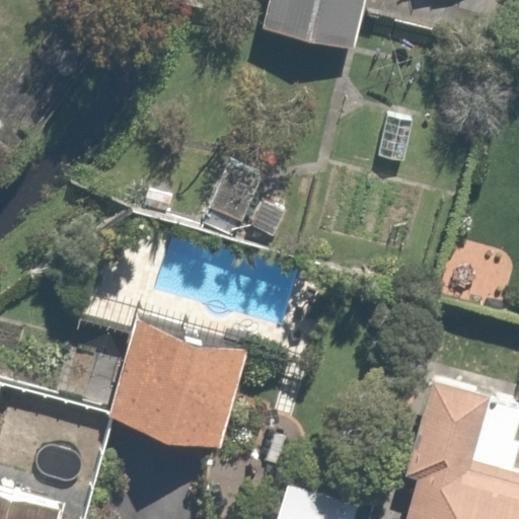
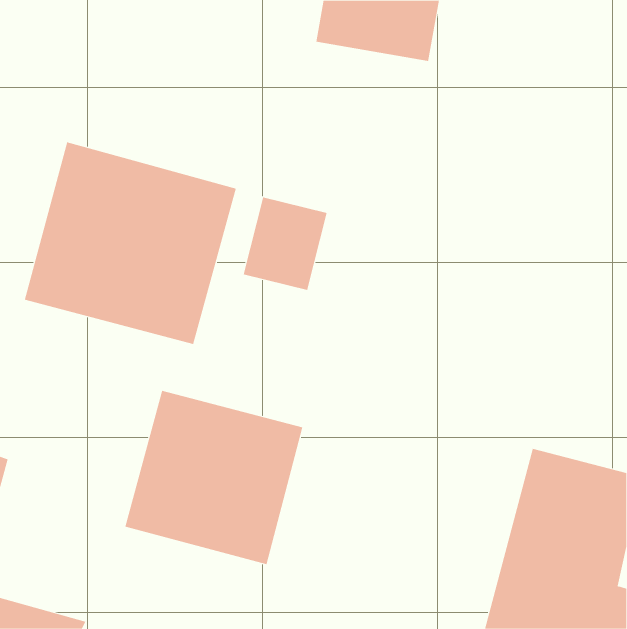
building: none -> [24,141,237,345]

